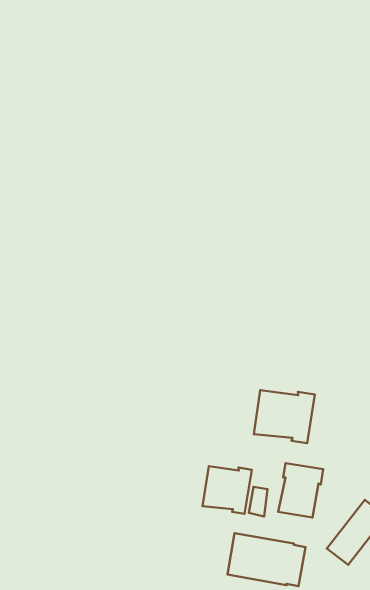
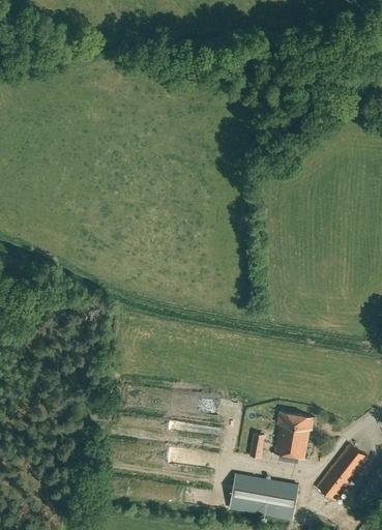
building: [254,390,315,443] -> none
building: [203,466,252,514] -> none

